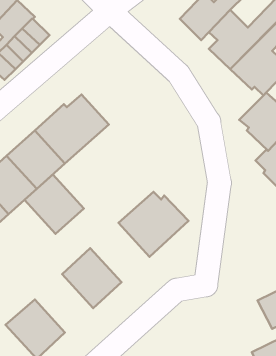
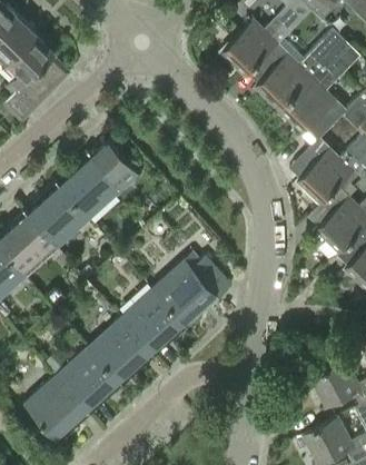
building: [24,175,84,234] -> [119,287,187,355]
building: none -> [56,346,122,413]

